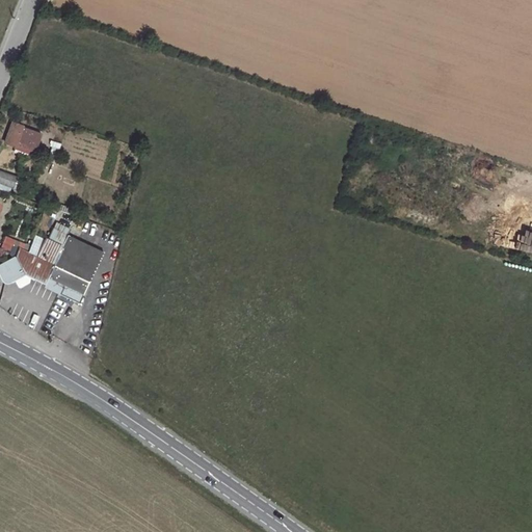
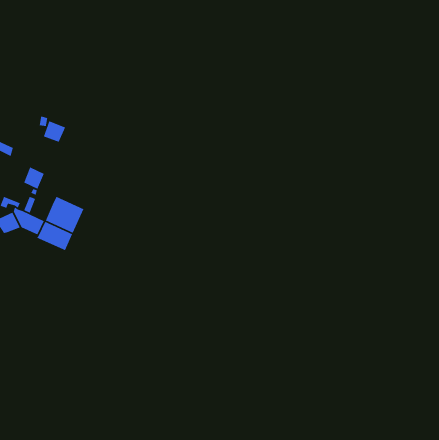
building: [12,124,41,151] -> [43,120,66,143]
building: [36,238,62,266] -> [23,167,45,190]

